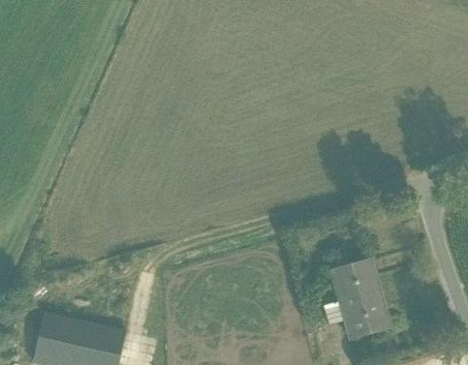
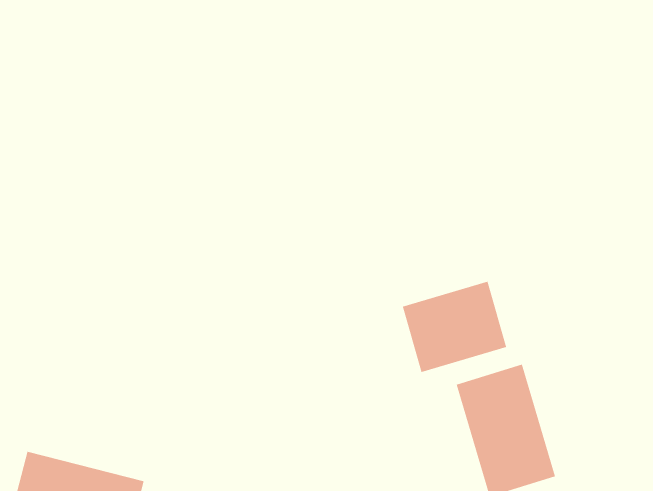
building: none -> [402,281,507,373]

